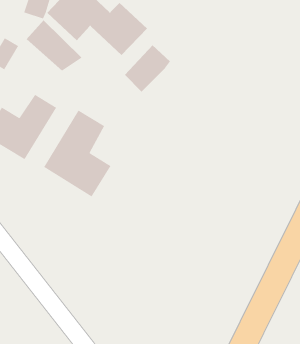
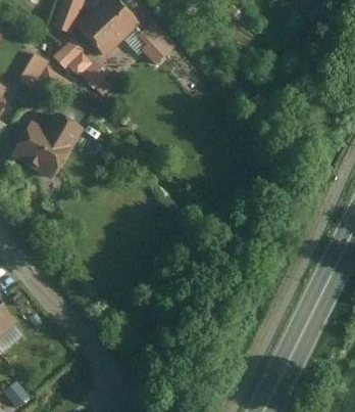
building: [124,44,171,92] -> none
building: [43,109,112,198] -> none

